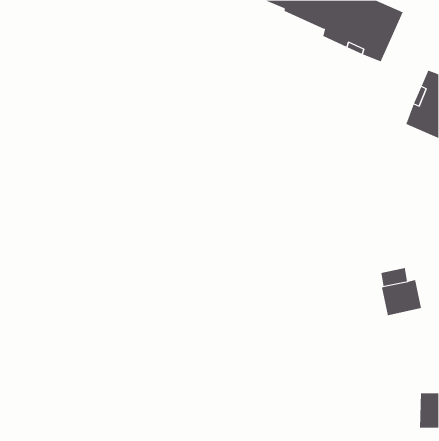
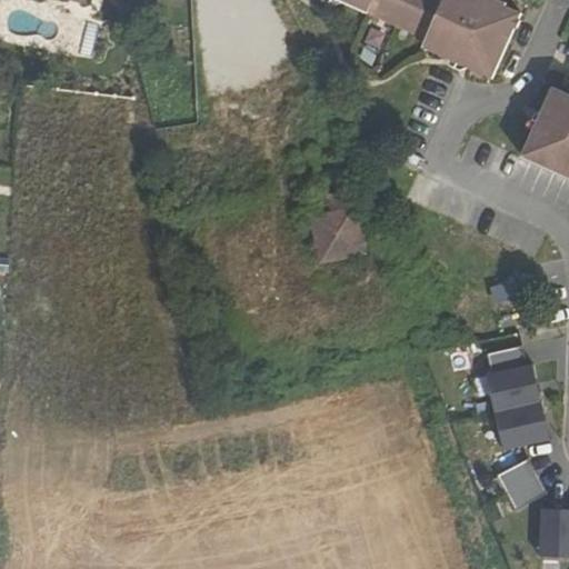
building: none -> [310,191,362,261]
building: none -> [499,397,552,445]
building: none -> [499,458,547,507]

